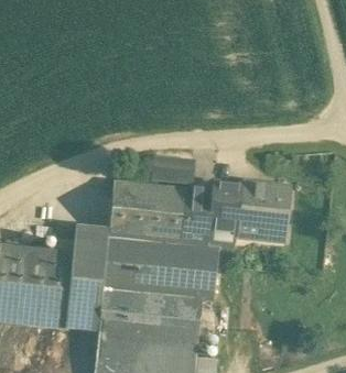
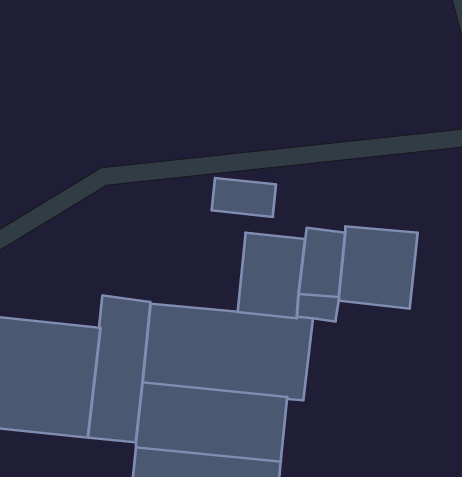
building: [108,183,173,242] -> none

